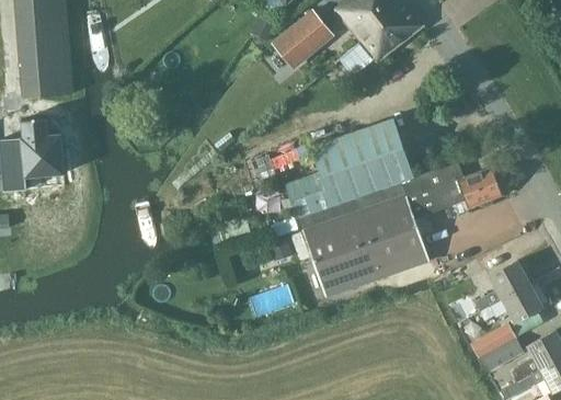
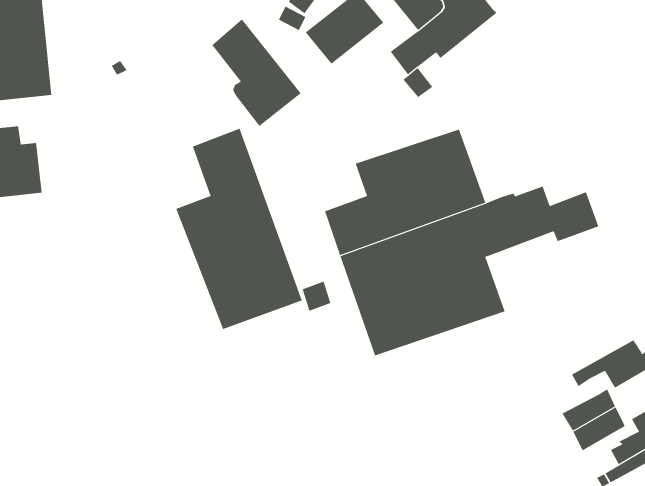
building: none -> [212,19,302,127]
building: none -> [176,128,302,330]
building: [474,260,529,311] -> none

